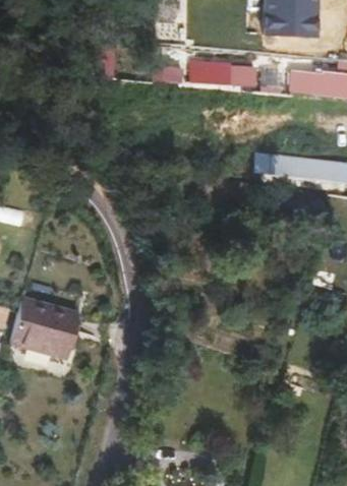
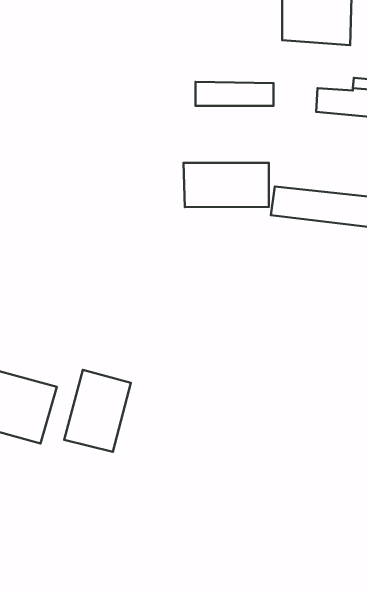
building: none -> [184,163,269,207]
building: none -> [64,370,131,452]

